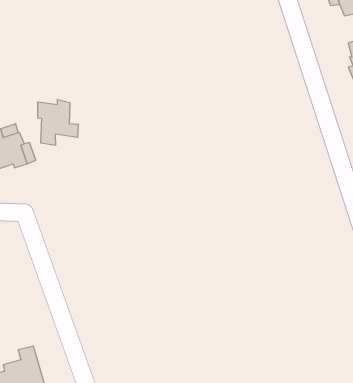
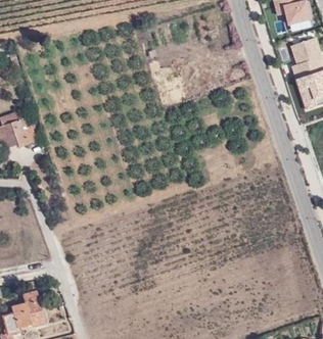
building: [38,99,78,145] -> none

